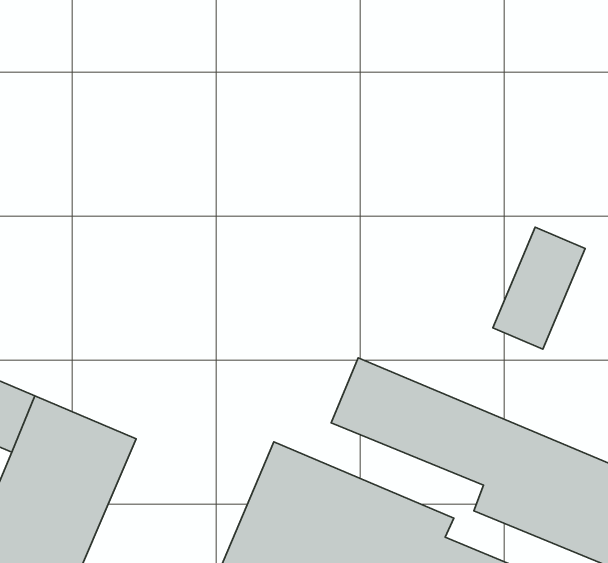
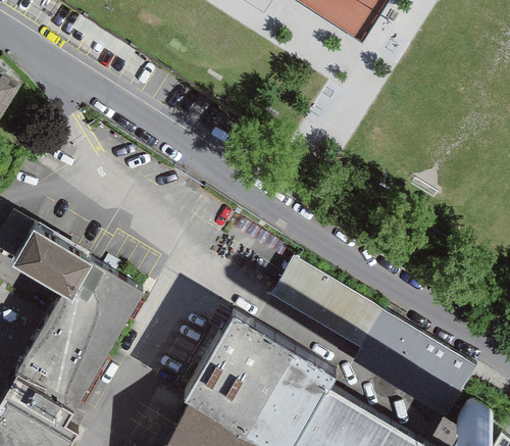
building: [493,227,585,349] -> none

